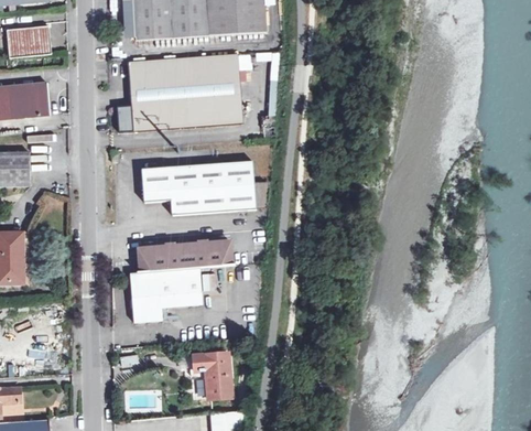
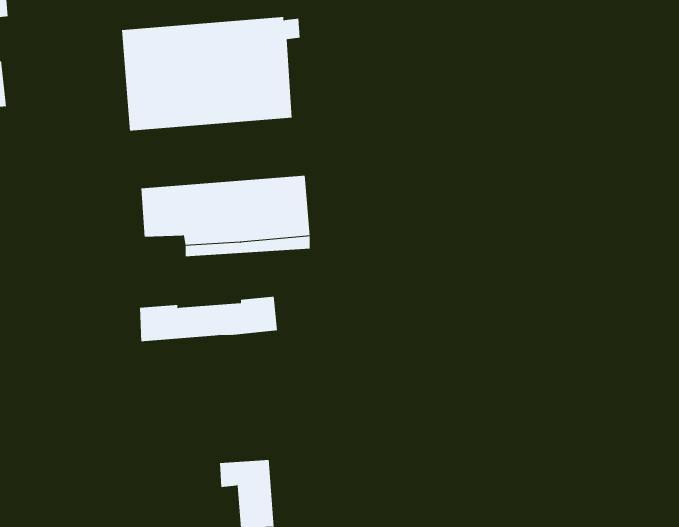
building: [130,268,204,323] -> none

